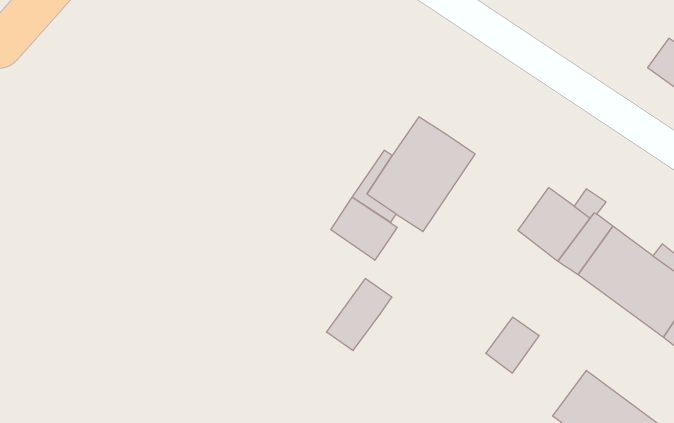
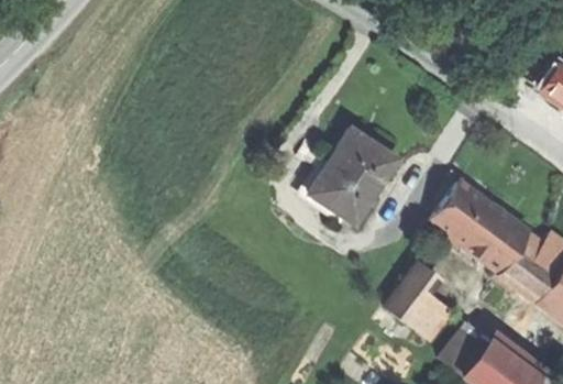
building: [331,197,397,260] -> none
building: [326,279,392,351] -> [385,263,439,322]
building: none -> [440,320,489,374]

